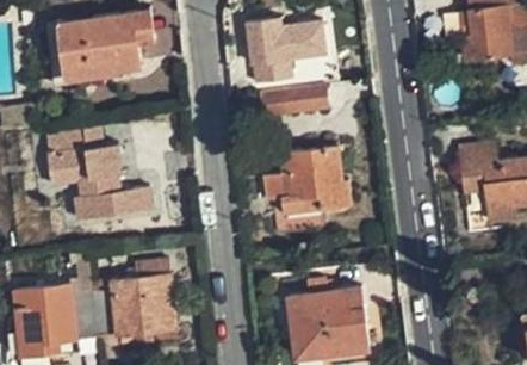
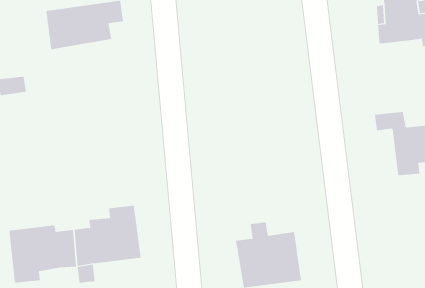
building: [244,23,321,85] -> none
building: [258,88,328,122] -> none
building: [41,124,149,217] -> none
building: [273,149,353,217] -> none

